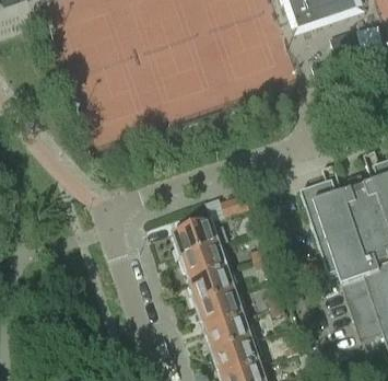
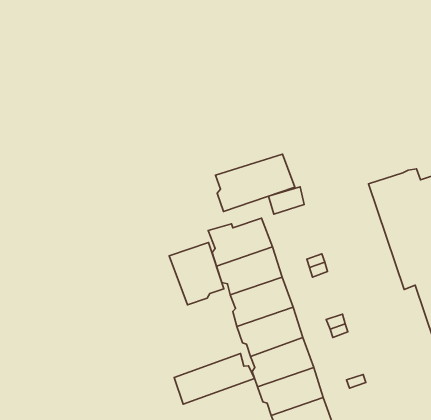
building: none -> [216,154,295,212]
building: none -> [169,243,224,305]
building: none -> [174,354,254,404]

